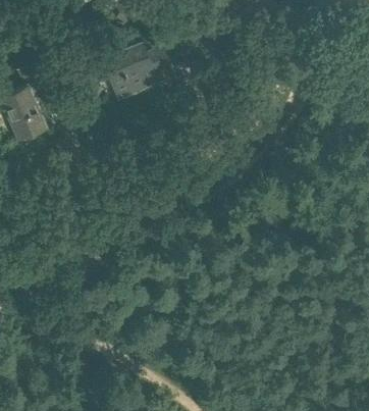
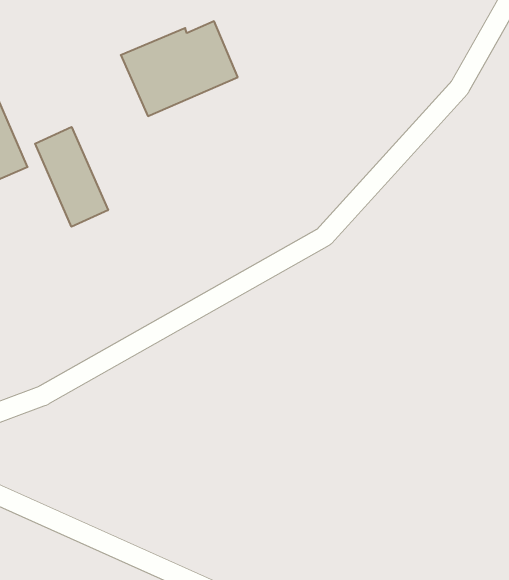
building: none -> [35,127,108,227]

